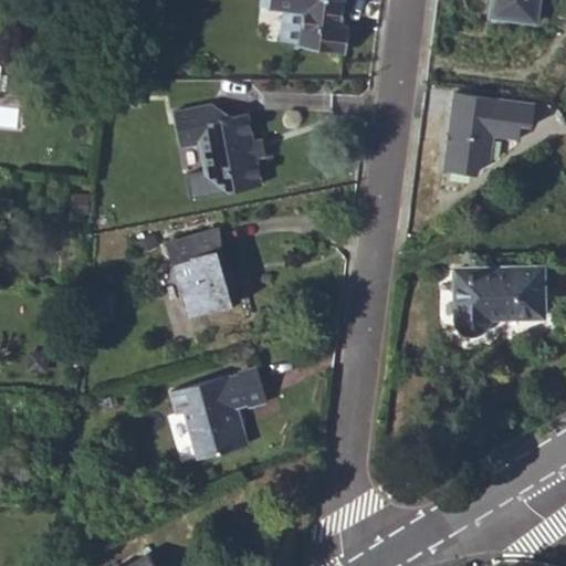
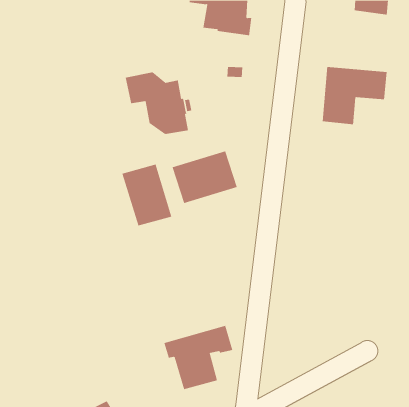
building: none -> [172,150,238,204]
building: [455,268,543,333] -> none
building: [170,369,266,459] -> [163,325,233,390]

